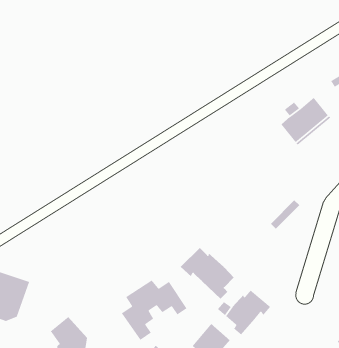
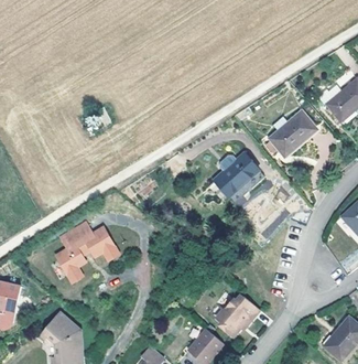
building: none -> [214,153,258,196]
building: [180,247,234,300] -> none
building: [121,280,188,341] -> [56,229,120,288]

